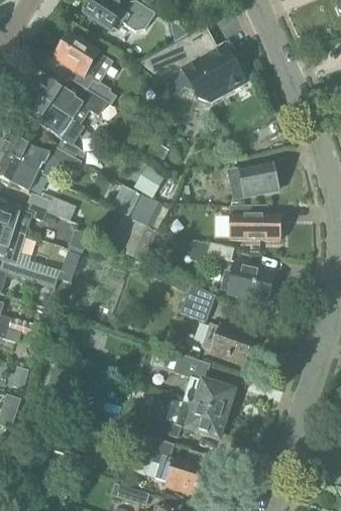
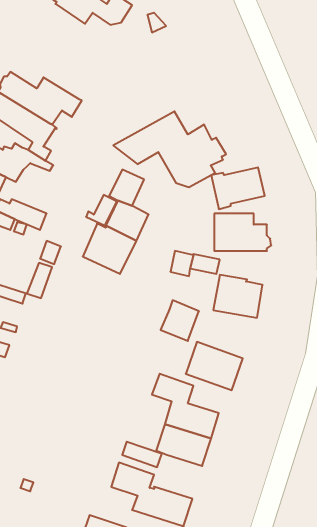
building: [141,30,245,100] -> [113,111,226,187]
building: [55,33,116,103] -> none

